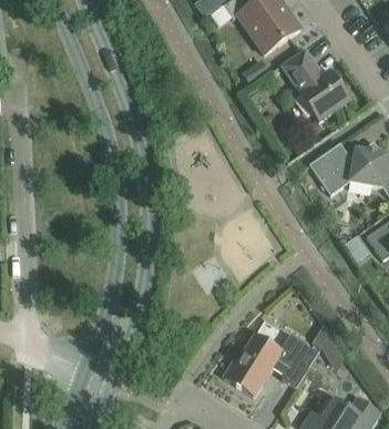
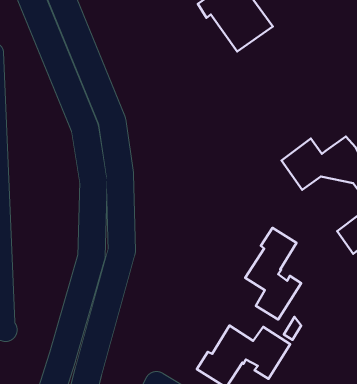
building: [283,50,350,121] -> none
building: none -> [245,228,301,320]

